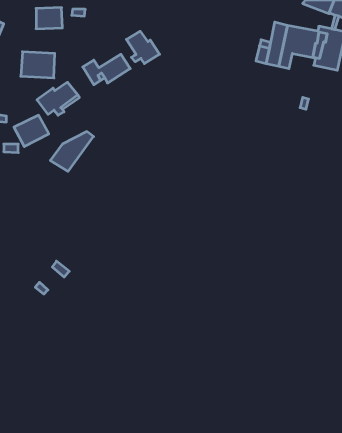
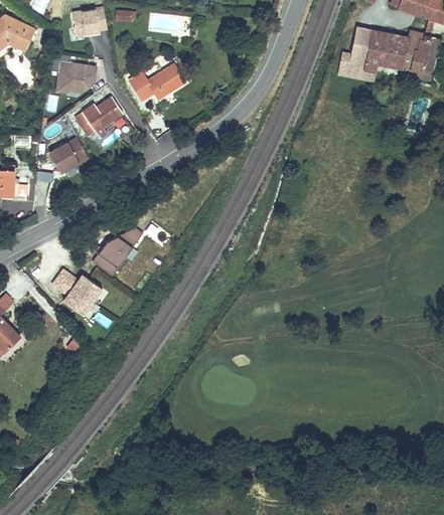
building: [126,31,160,64] -> none
building: [50,132,94,171] -> [92,228,143,276]
building: none -> [50,268,103,316]

